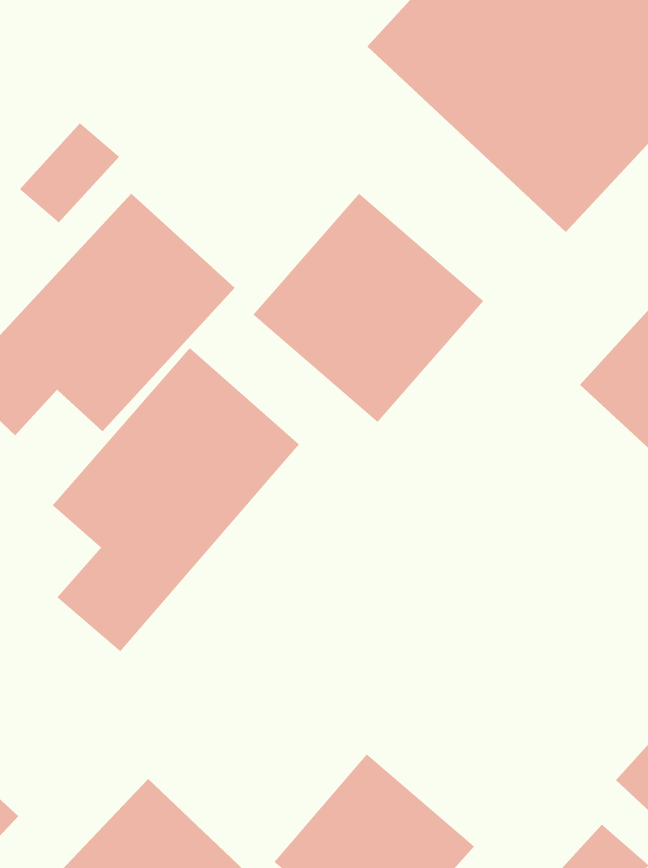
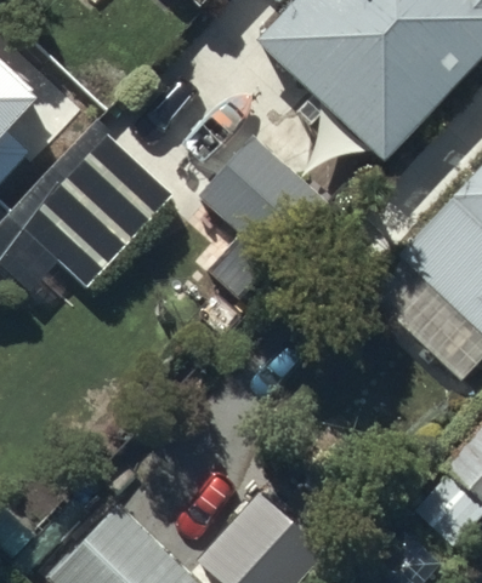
building: [52,347,300,652] -> none

